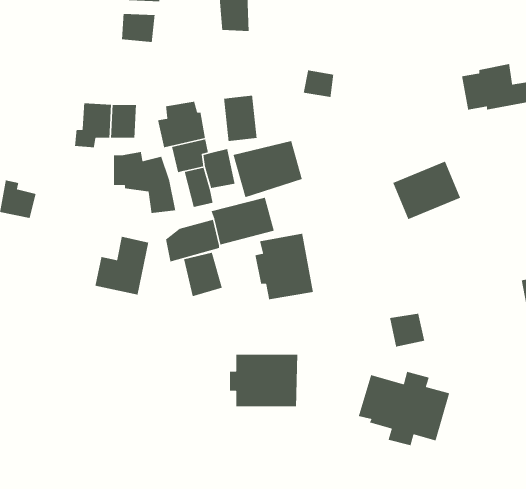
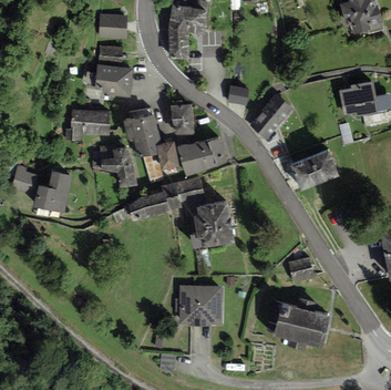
building: none -> [94,64,133,98]
building: none -> [249,93,291,138]
building: [94,236,149,295] -> [33,167,72,209]
building: [183,252,223,297] -> none

